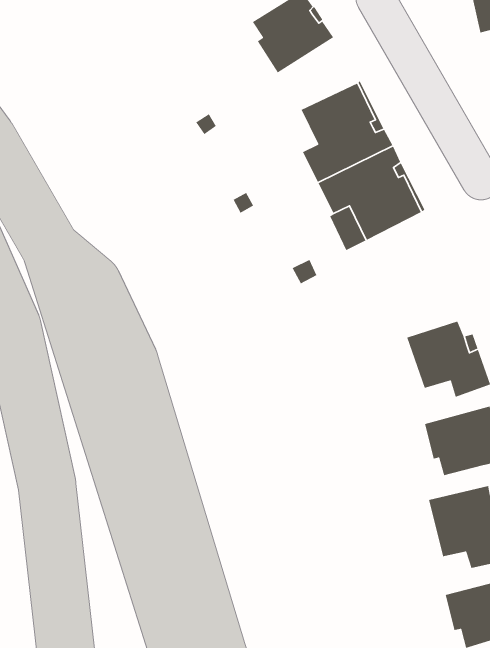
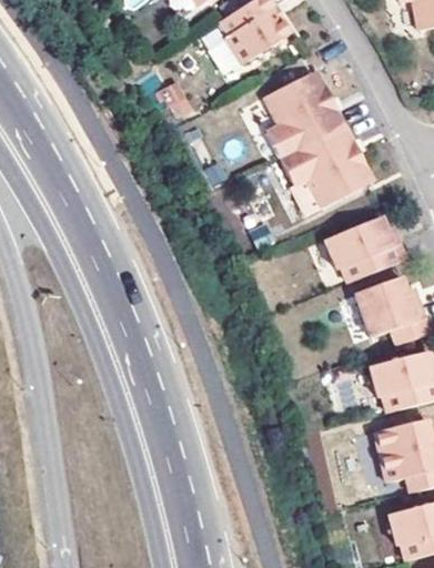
building: none -> [324,216,404,283]

